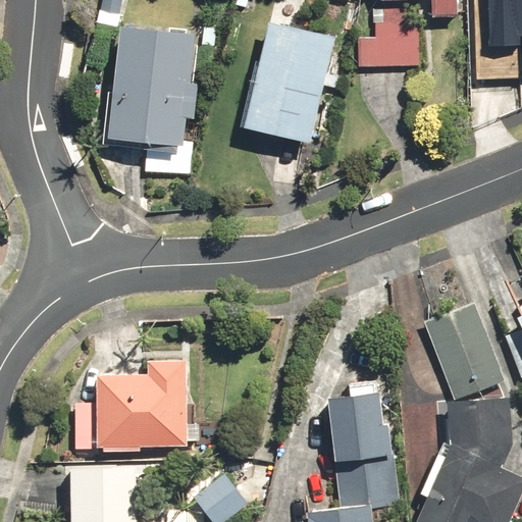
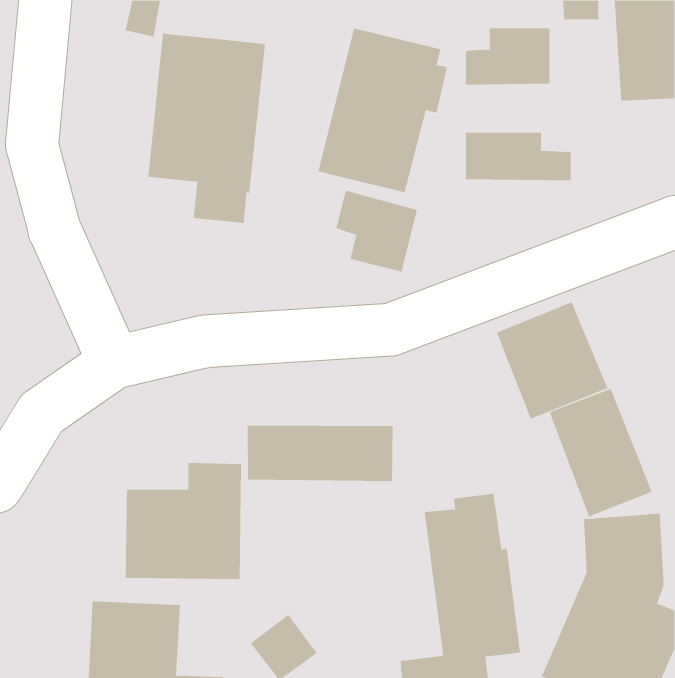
building: none -> [465,132,571,181]
building: none -> [336,190,418,272]
building: none -> [496,301,608,419]
building: none -> [247,425,393,482]

